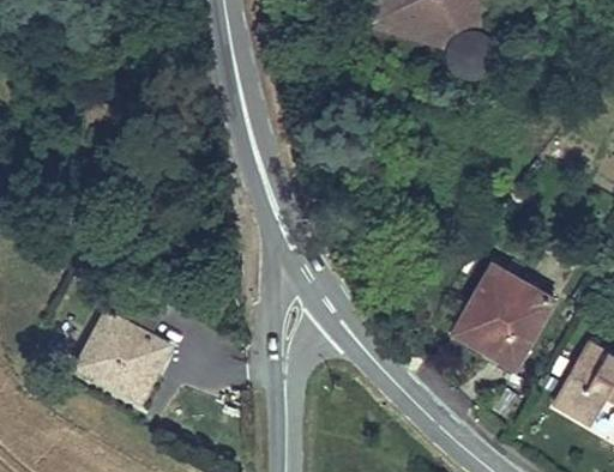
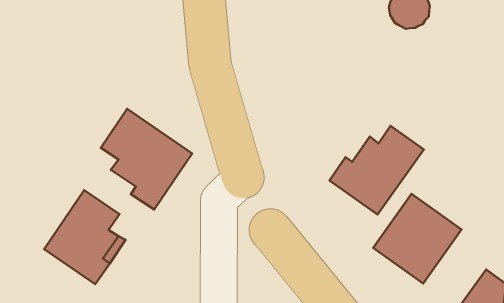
building: none -> [329,126,424,214]
building: none -> [101,109,192,210]

